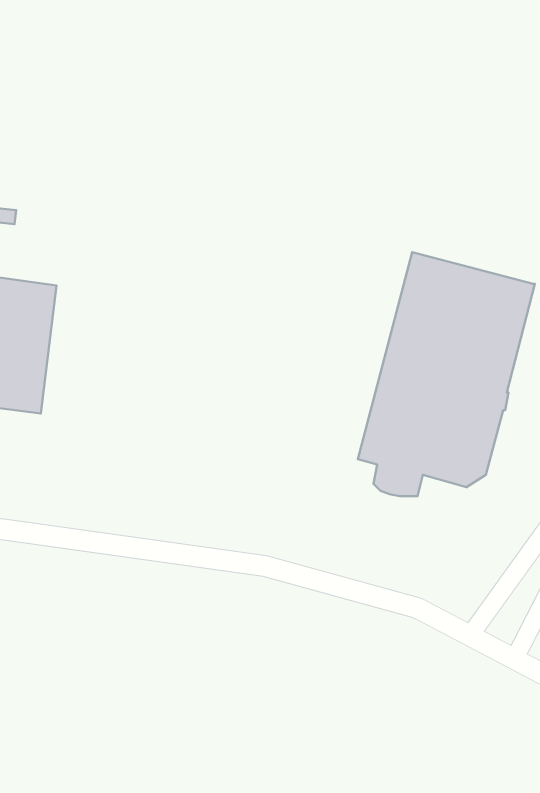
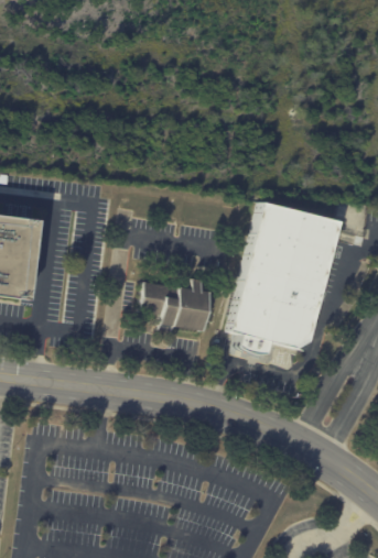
building: none -> [141,277,213,331]

